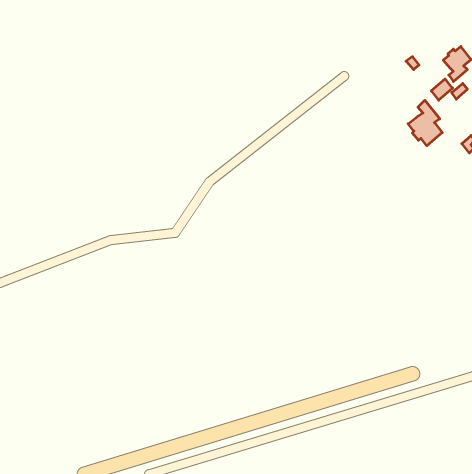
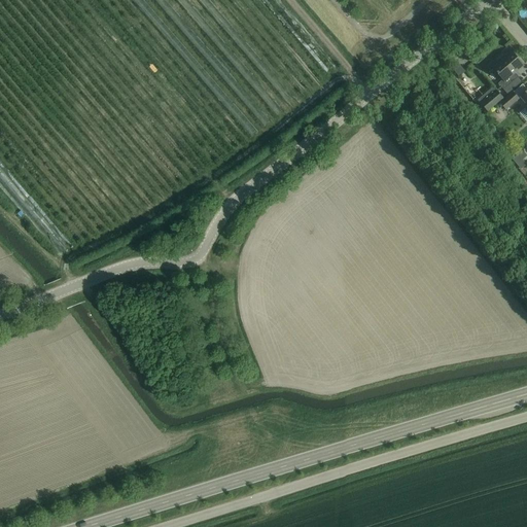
building: [408,100,442,146] -> none

